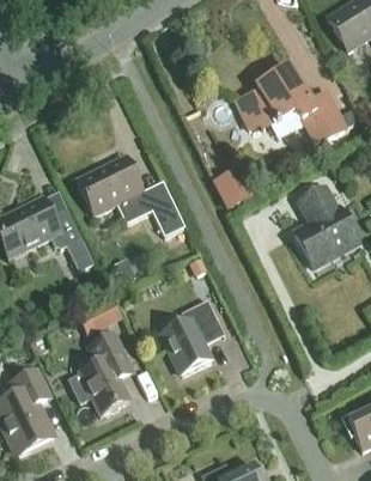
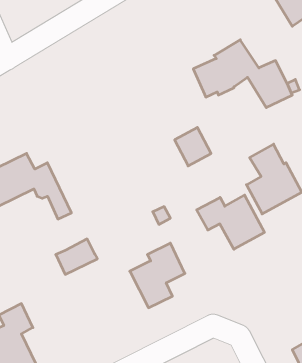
building: [77,156,184,236] -> none
building: none -> [197,195,264,249]
building: [66,331,129,414] -> none

